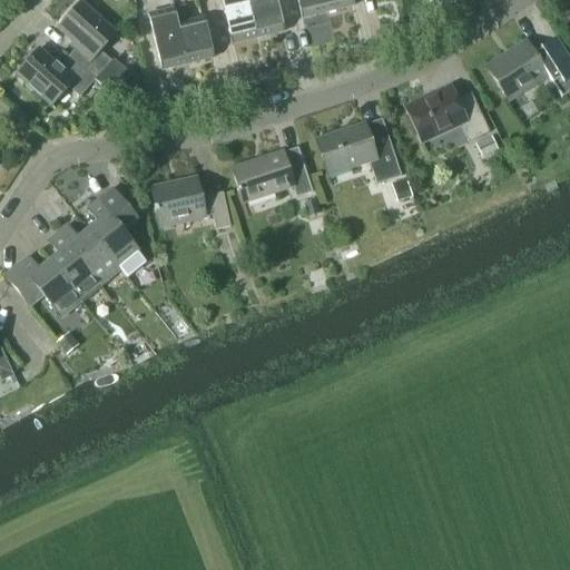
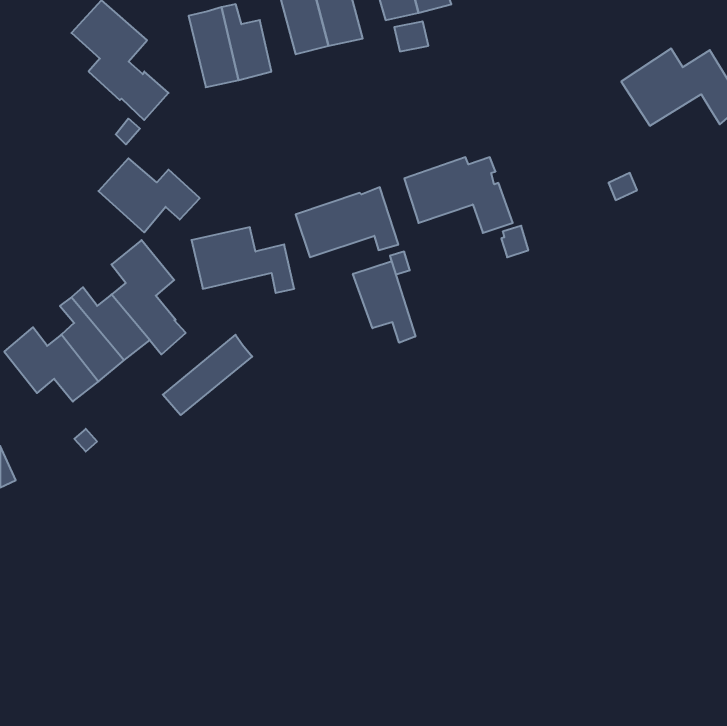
building: [17,47,96,105] -> [98,158,200,232]
building: [405,83,491,142] -> none
building: none -> [353,261,415,343]
building: none -> [163,335,252,415]

